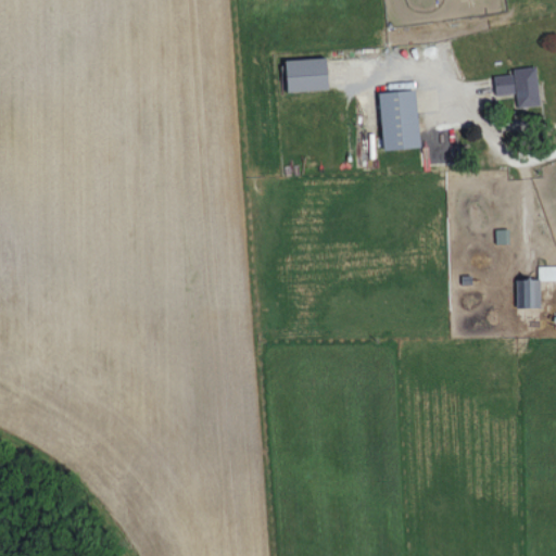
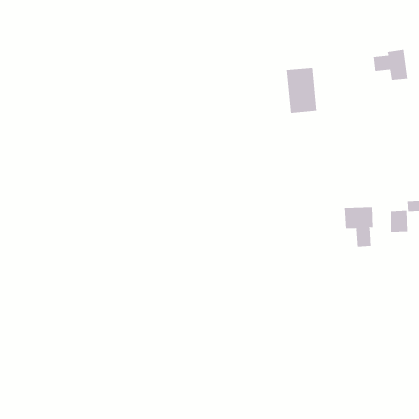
building: [286,59,328,91] -> none
building: none -> [344,206,373,247]

